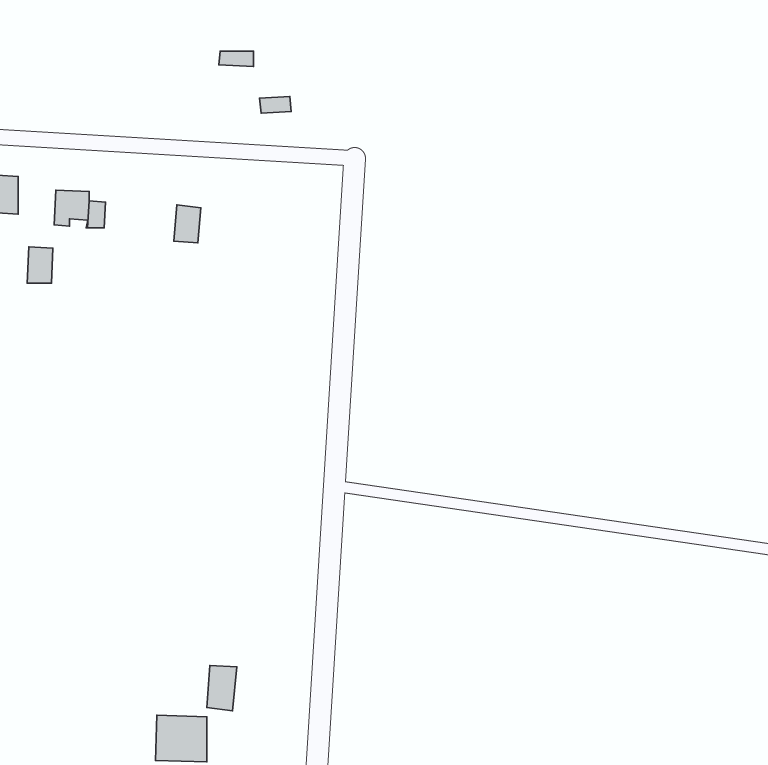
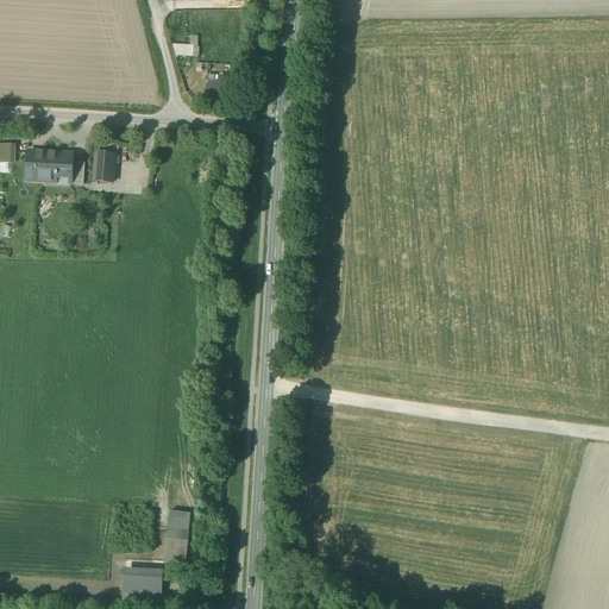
building: [174,205,201,243] -> [92,149,113,178]
building: [27,247,53,283] -> [24,149,44,177]

